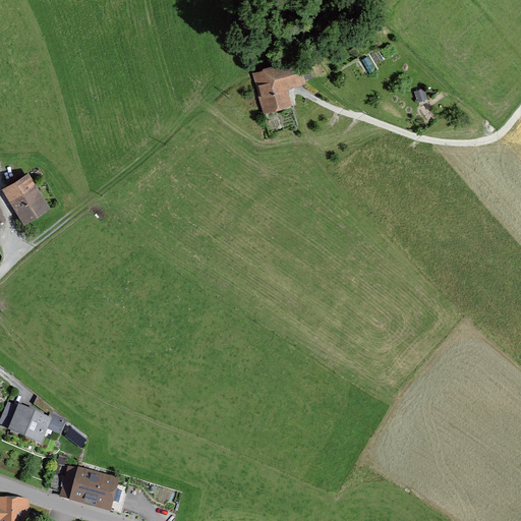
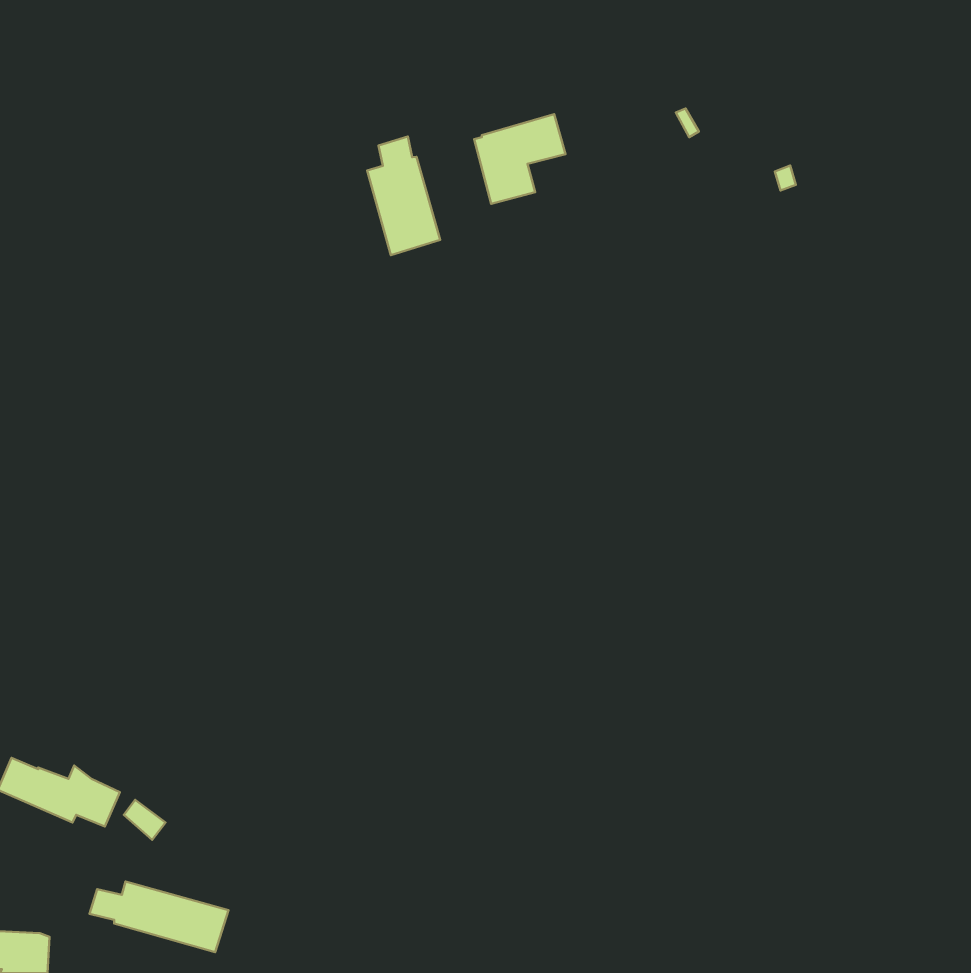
building: none -> [367,137,440,255]
building: [7,180,42,219] -> none

